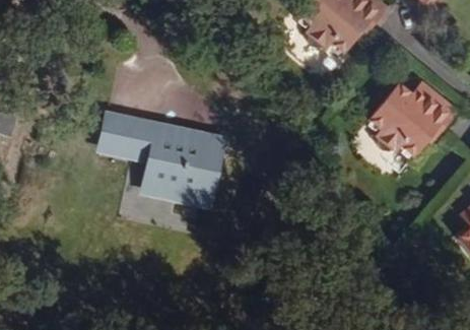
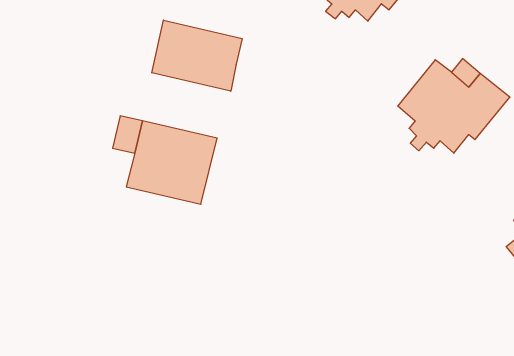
building: none -> [152,20,242,91]
building: [102,120,141,154] -> none

